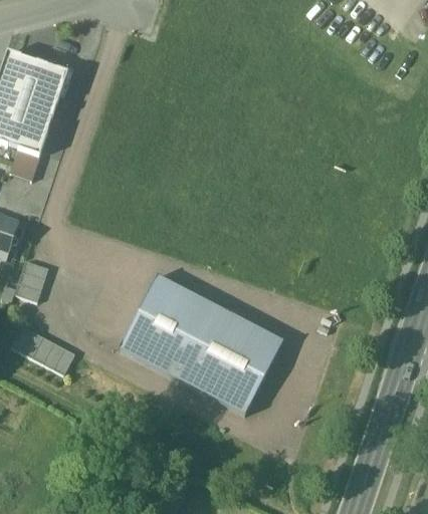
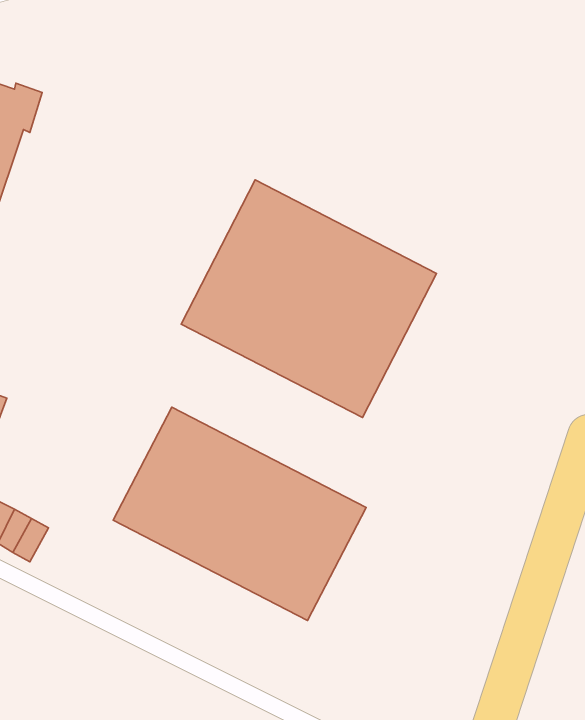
building: none -> [181,180,436,418]

